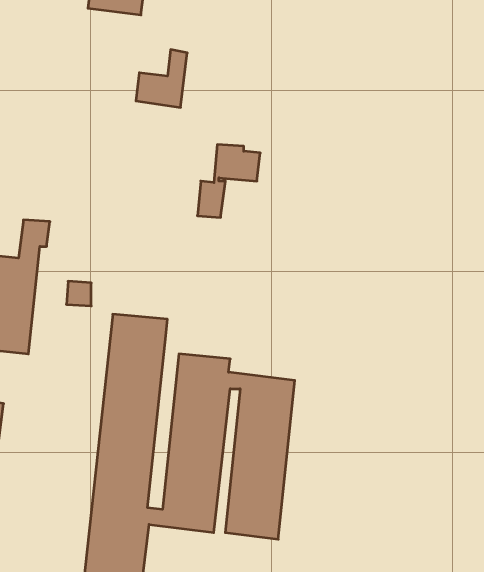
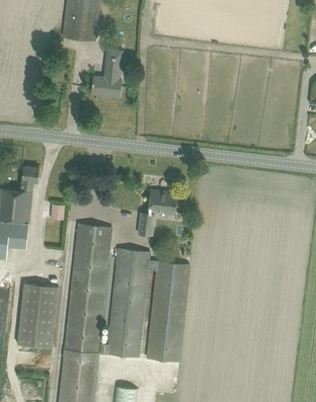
building: [197,145,260,217] -> [138,190,176,235]
building: none -> [17,283,58,347]

